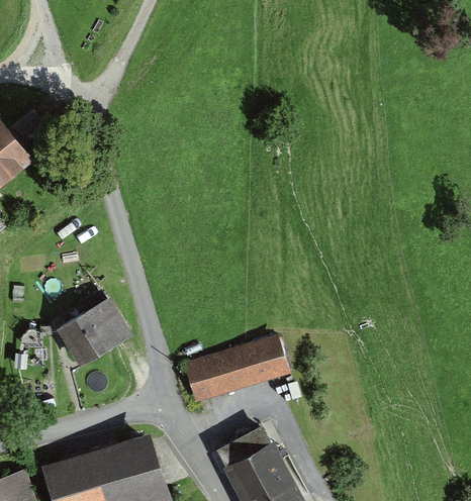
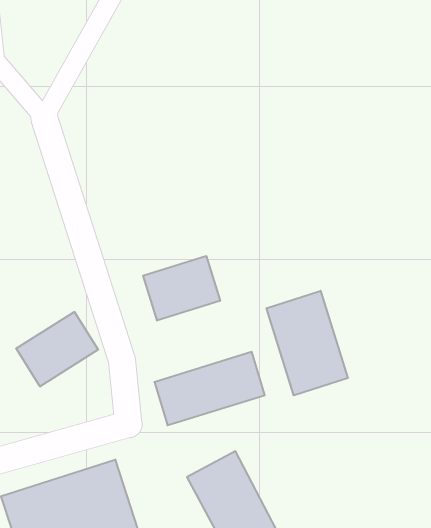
building: none -> [143,256,220,321]
building: none -> [267,291,348,395]

